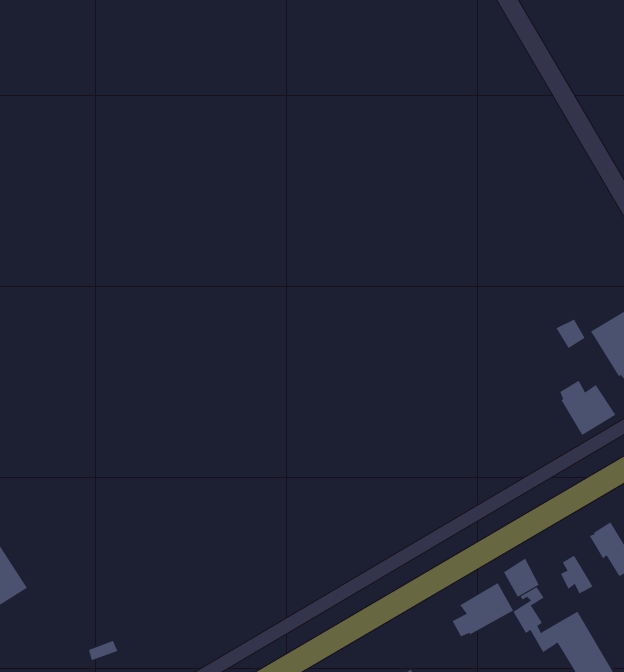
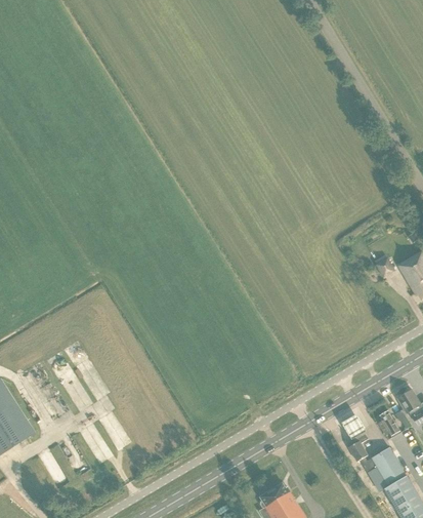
building: [559,380,616,436] -> none
building: [452,582,514,637] -> none

